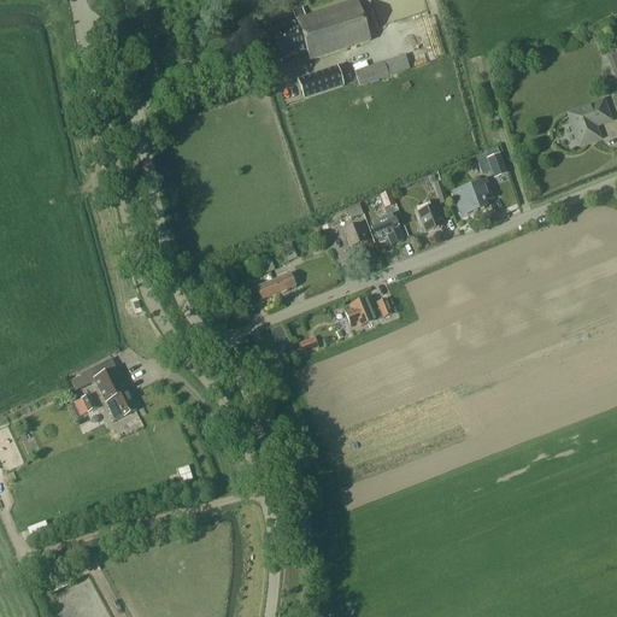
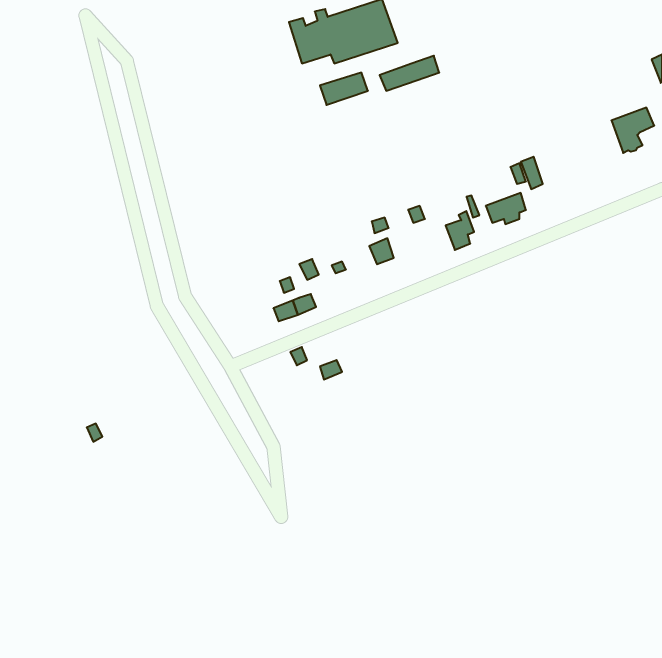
building: [369,213,401,242] -> none
building: [343,299,390,327] -> none
building: [69,357,135,421] -> none

